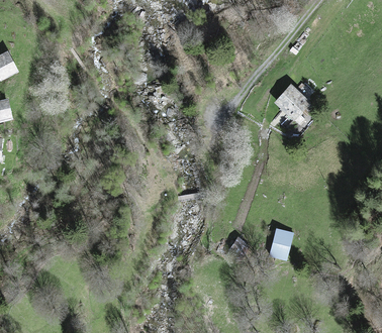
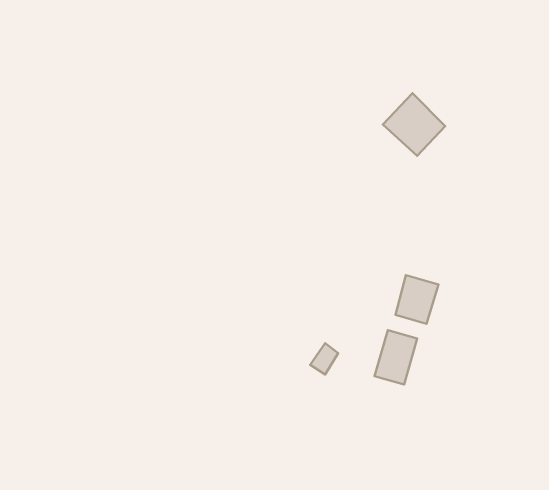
building: none -> [395,275,439,324]

